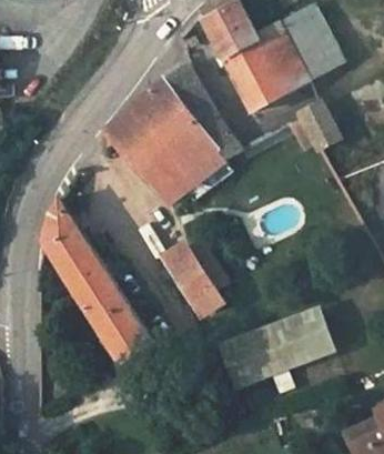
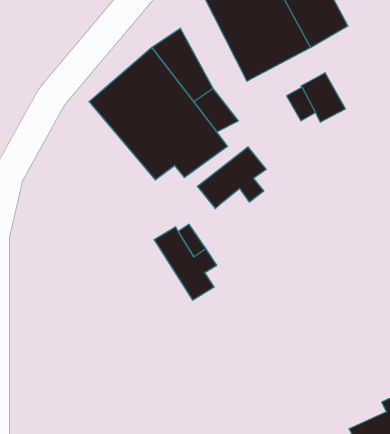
building: none -> [197,147,266,209]
building: [41,200,162,382] -> none
building: [223,312,326,382] -> none

